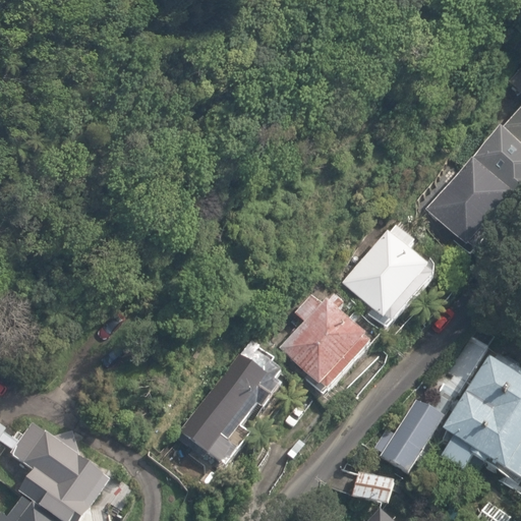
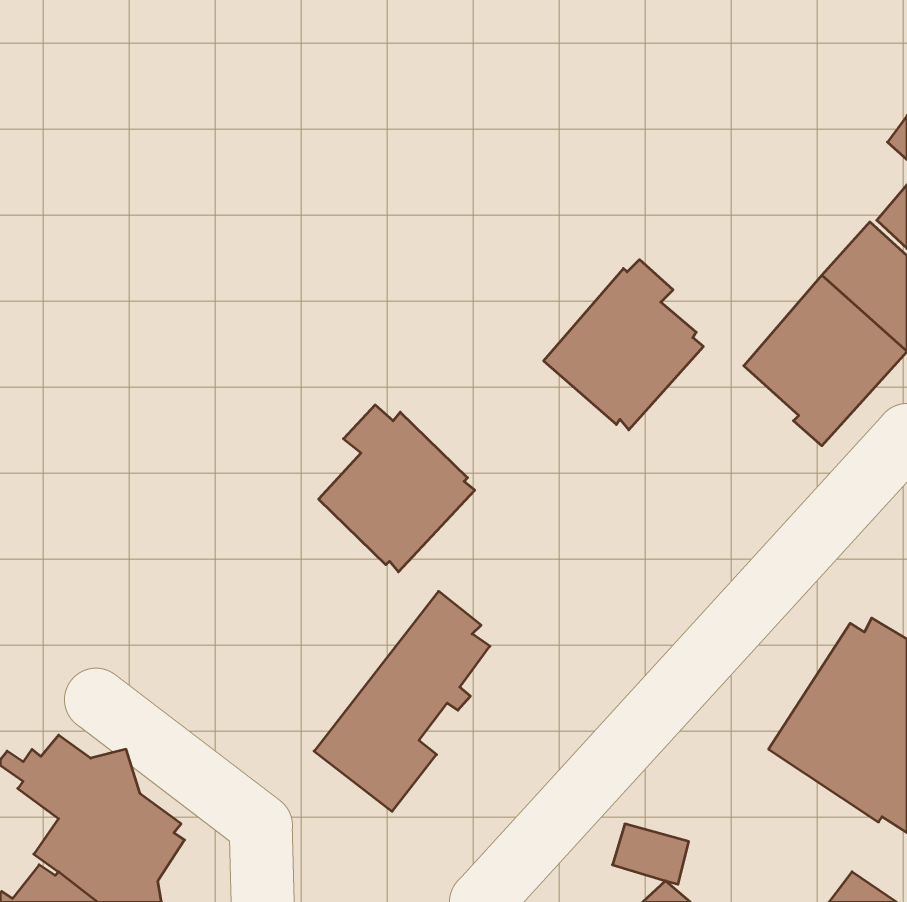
building: [341,225,432,323] -> [544,260,703,430]
building: [280,293,369,389] -> [319,405,475,572]
building: [374,400,444,473] -> none

